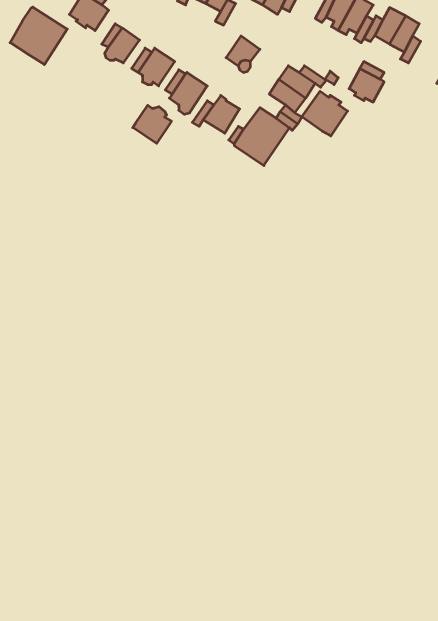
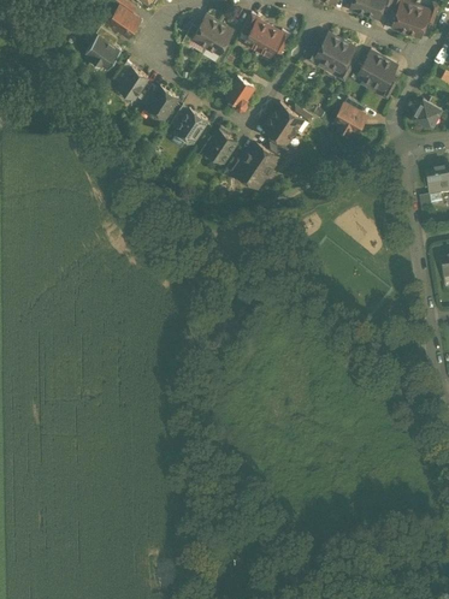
building: [10,7,67,65] -> none
building: [302,91,348,136] -> none
building: [133,105,171,143] -> none

